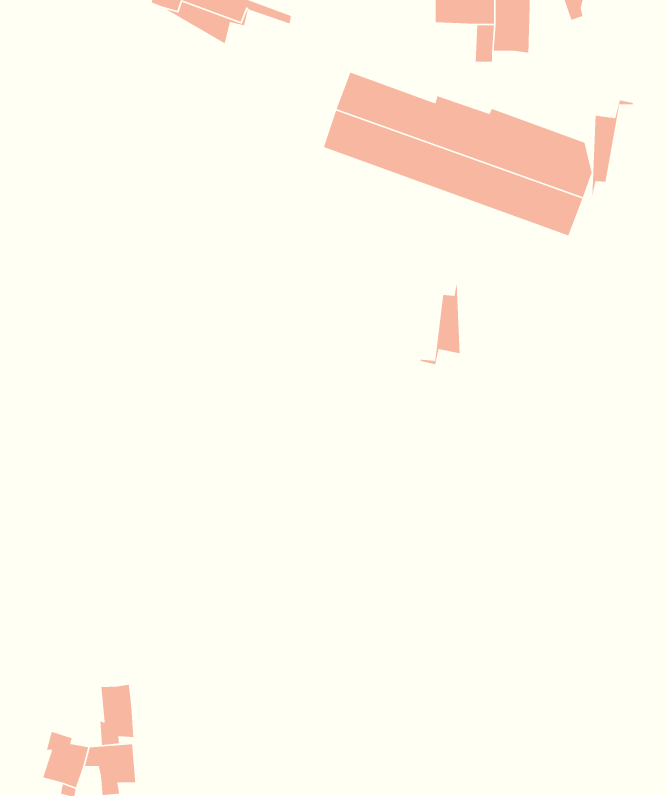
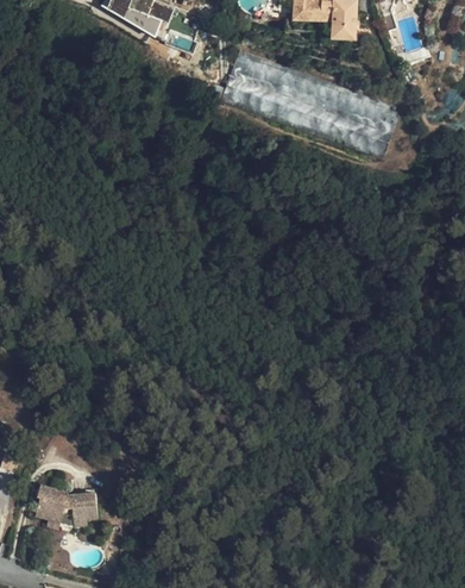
building: [591,100,634,205] -> none
building: [419,276,461,365] -> none
building: [100,684,134,746] -> none

